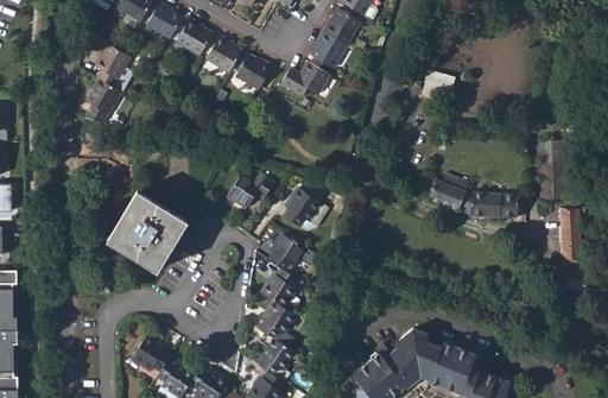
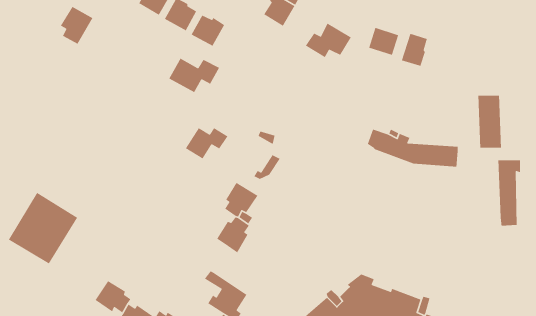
building: [279,58,329,96] -> [305,23,352,58]
building: none -> [401,33,428,67]
building: [86,78,121,124] -> none
building: none -> [168,58,220,93]
building: [284,189,319,227] -> none
building: [109,192,184,270] -> [8,192,78,264]
building: [258,302,294,348] -> none

